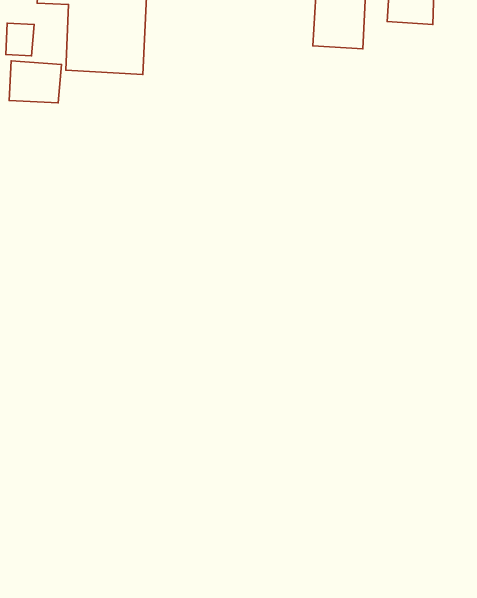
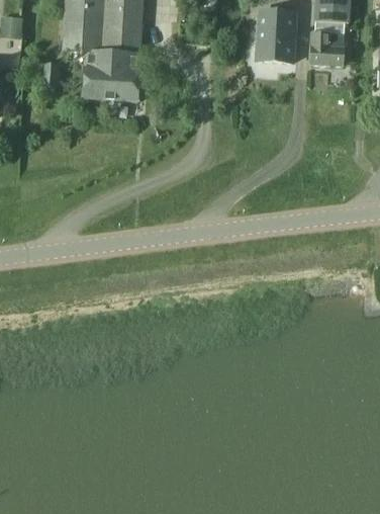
building: [9,61,62,103] -> none

